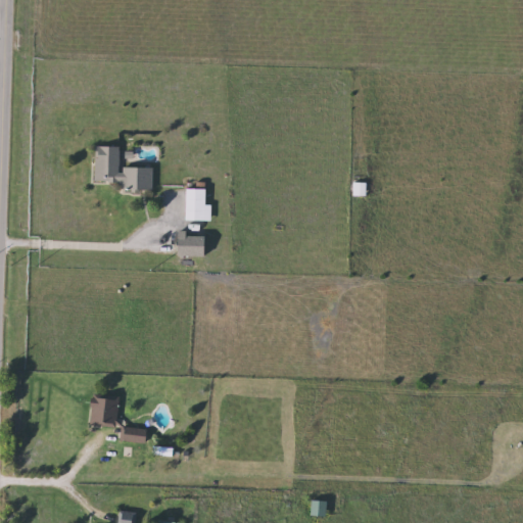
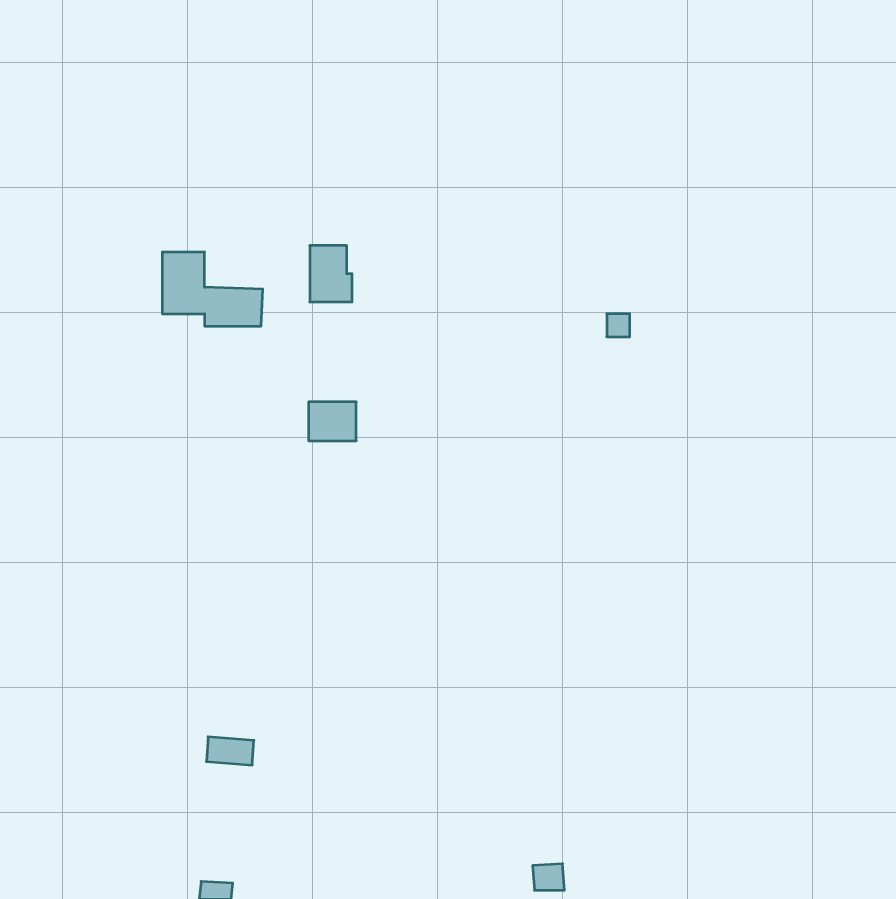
building: [185,188,209,221] -> [310,246,352,302]
building: [90,394,117,427] -> none

